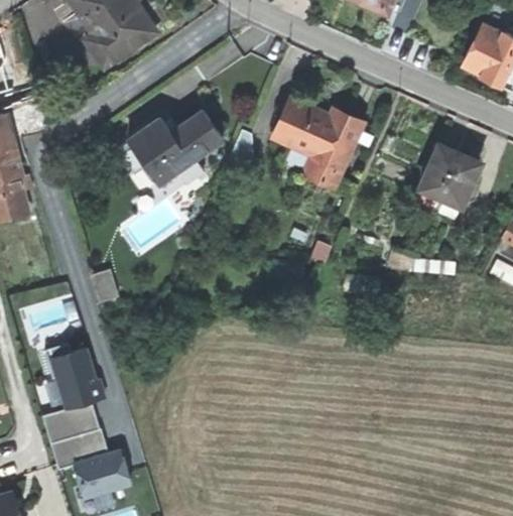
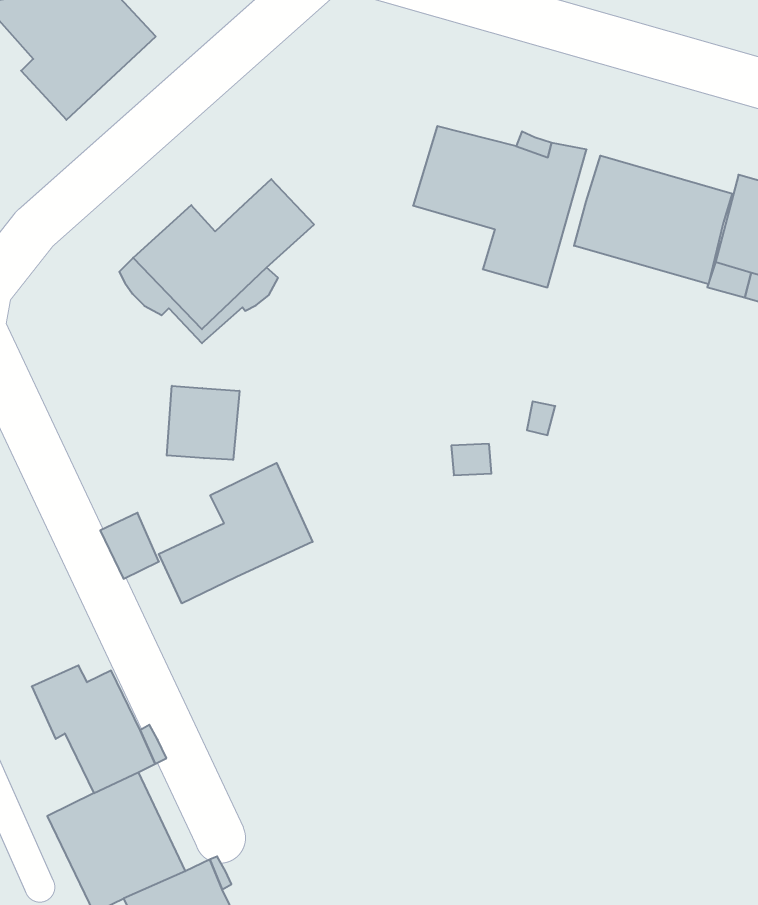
building: none -> [574,156,732,284]
building: none -> [167,386,239,460]
building: none -> [159,463,313,603]

